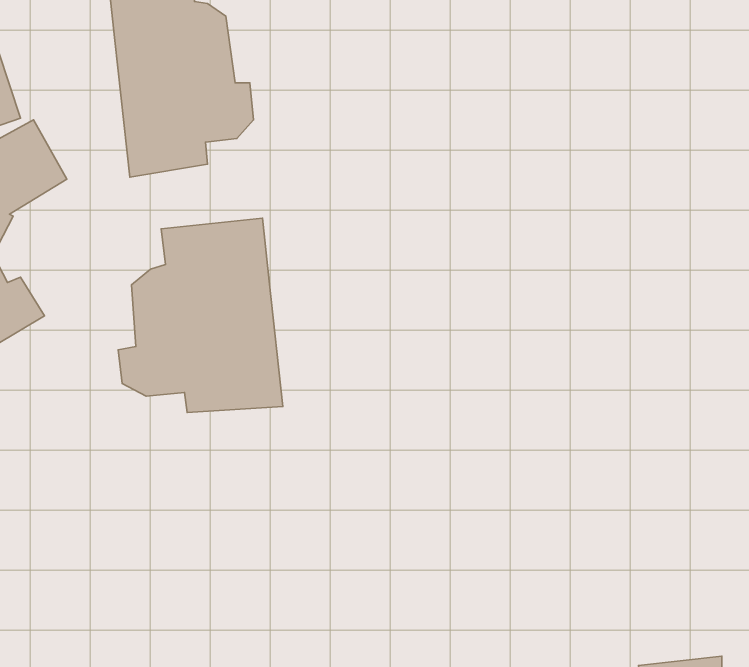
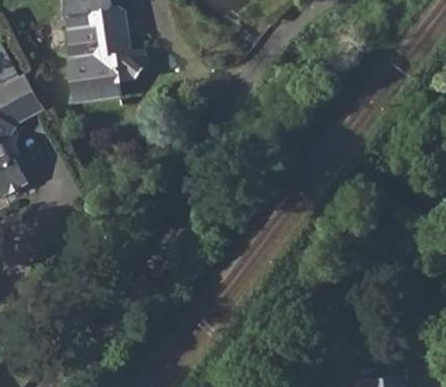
building: [118,218,283,413] -> none

